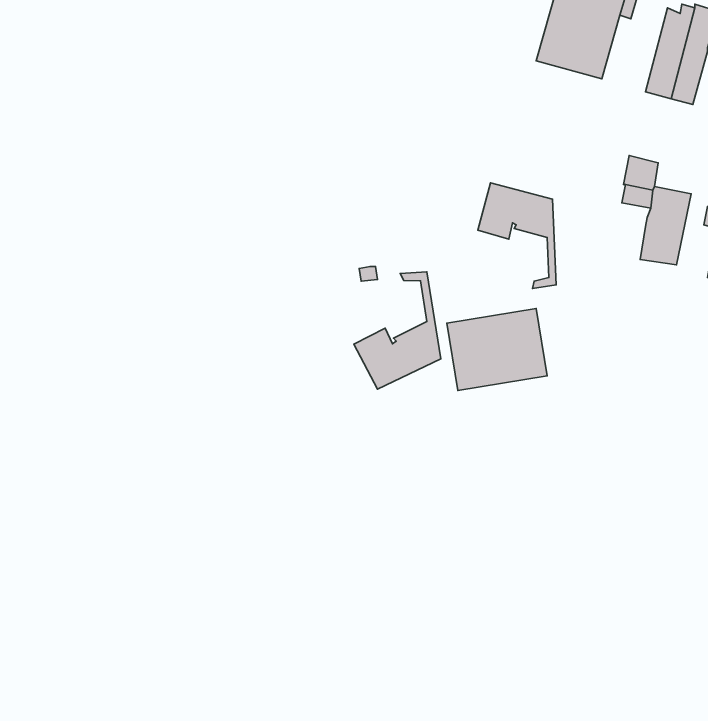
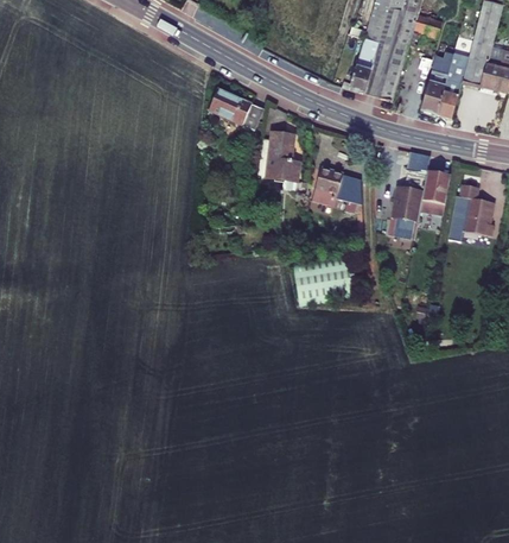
building: none -> [208,87,265,135]
building: none -> [265,130,301,188]
building: none -> [386,191,421,246]
building: [354,272,441,389] -> none

